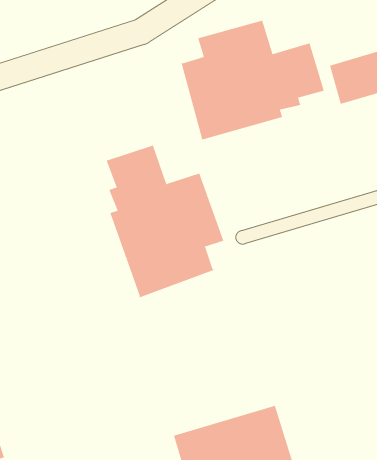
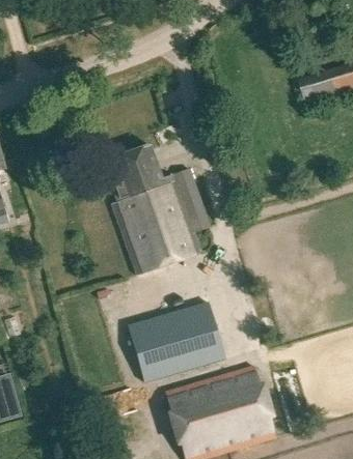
building: [181,20,324,141] -> none
building: none -> [127,302,224,381]

